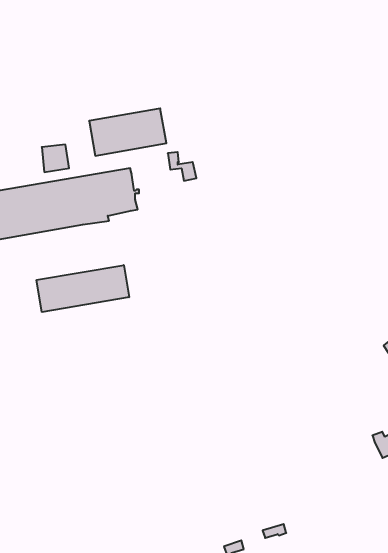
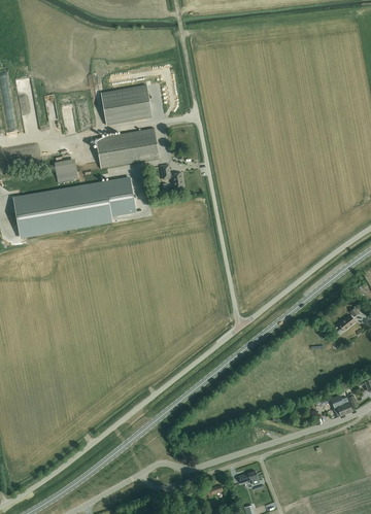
building: none -> [100,84,151,125]
building: [37,265,129,312] -> none

